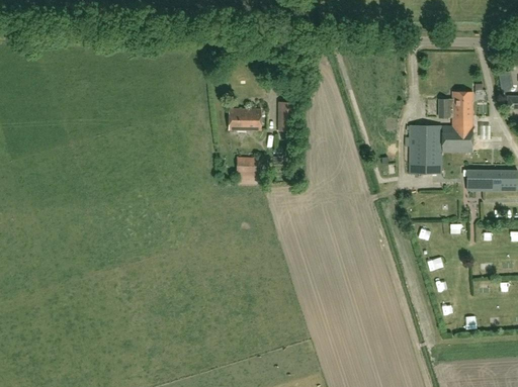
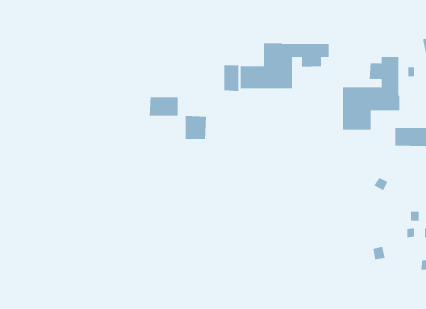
building: none -> [240,42,329,89]
building: [229,107,261,128] -> [149,97,178,116]

